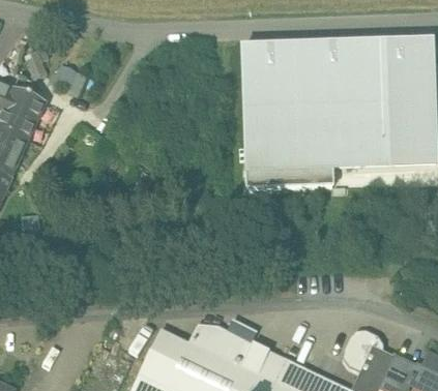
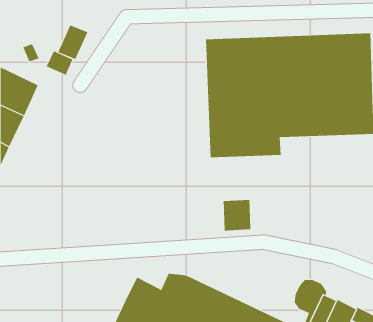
building: none -> [58,24,89,60]
building: none -> [223,199,251,231]

